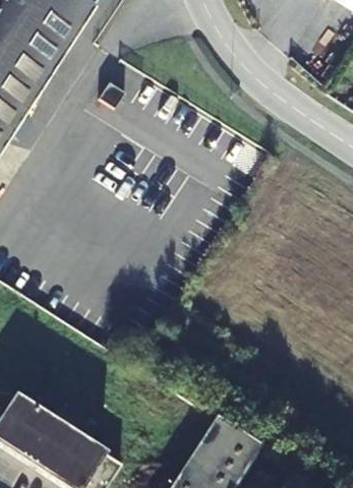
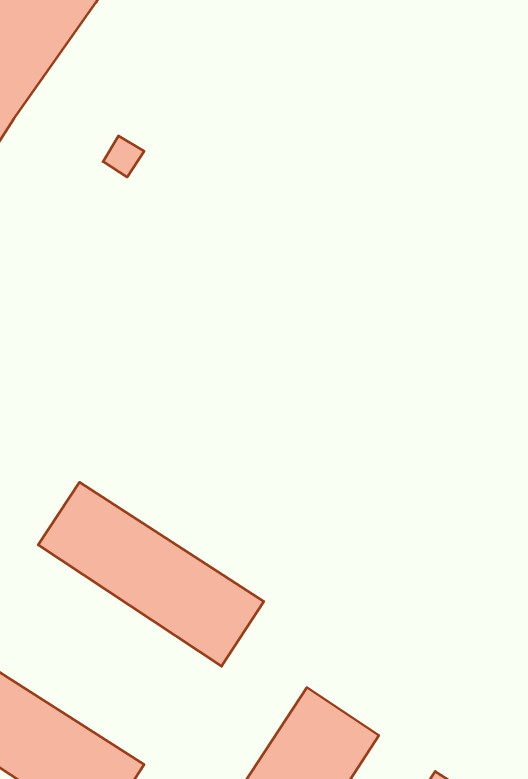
building: none -> [38,482,264,666]

